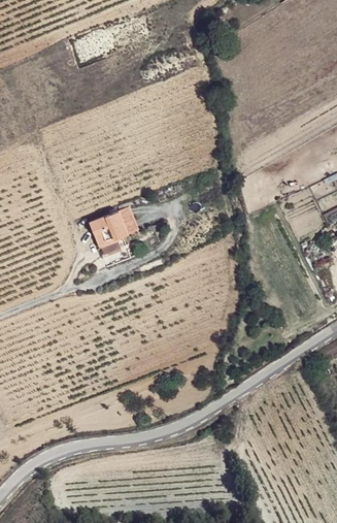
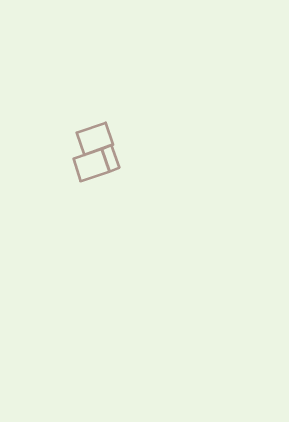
building: none -> [77,123,113,155]

